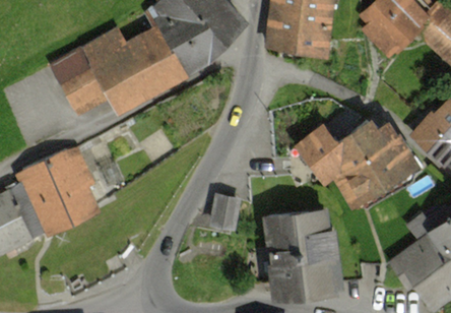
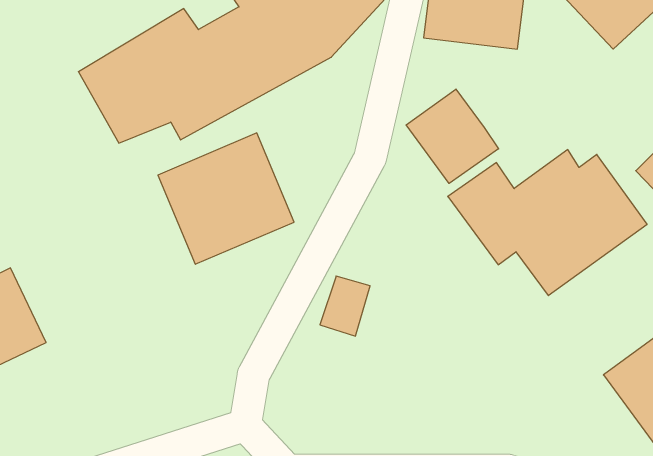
building: none -> [406,89,499,183]
building: [18,149,104,232] -> [158,133,294,264]
building: [252,207,327,297] -> none

